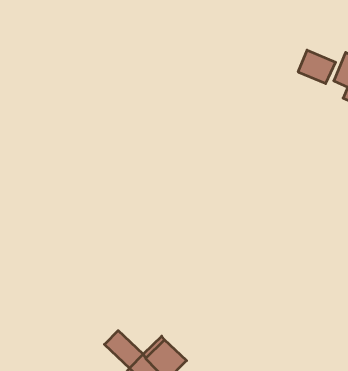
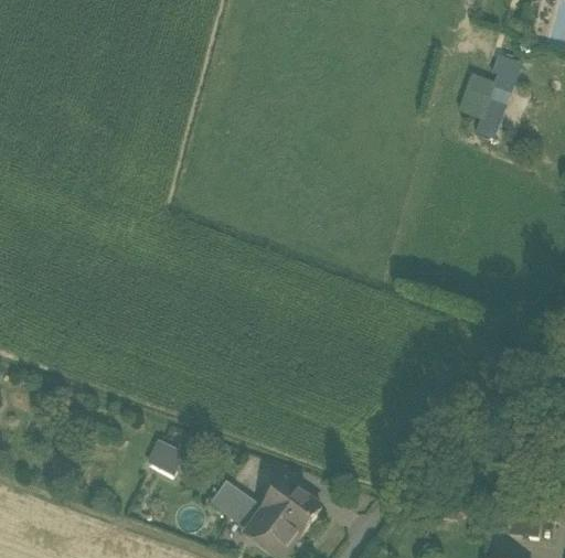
building: [298,50,336,84] -> none
building: none -> [148,438,182,473]

